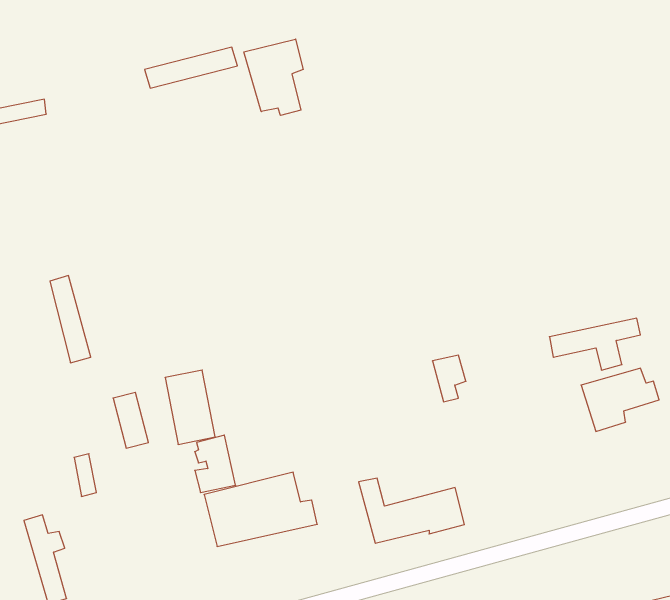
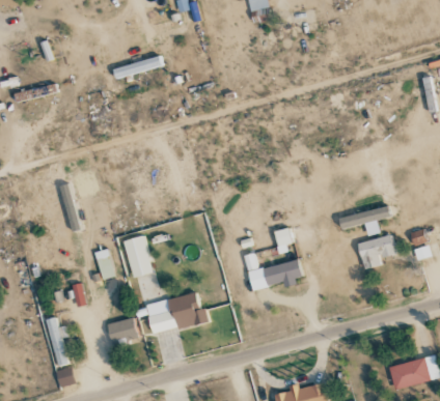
building: [244,39,303,115] -> none
building: [359,478,464,543] -> [243,254,302,290]
building: none -> [106,318,139,348]

